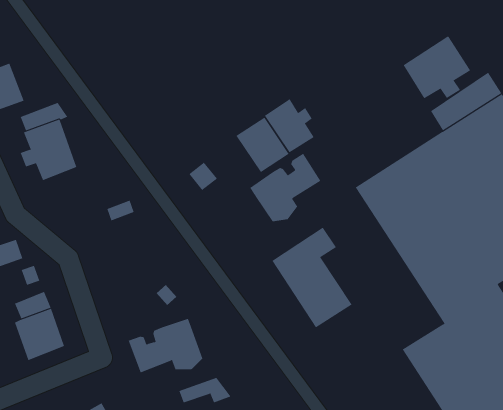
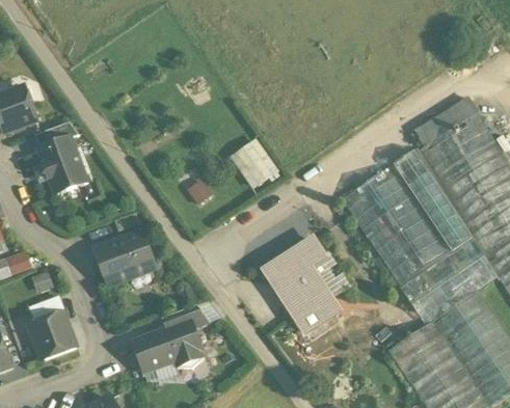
building: [403,36,471,99] -> none
building: [264,99,314,153] -> none
building: [250,153,321,222] -> none
building: none -> [90,227,160,291]
building: [179,377,231,403] -> [161,305,210,329]

